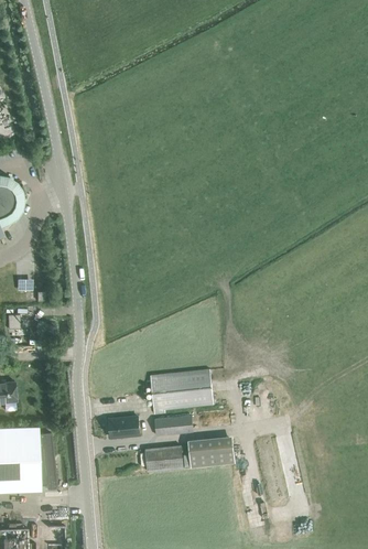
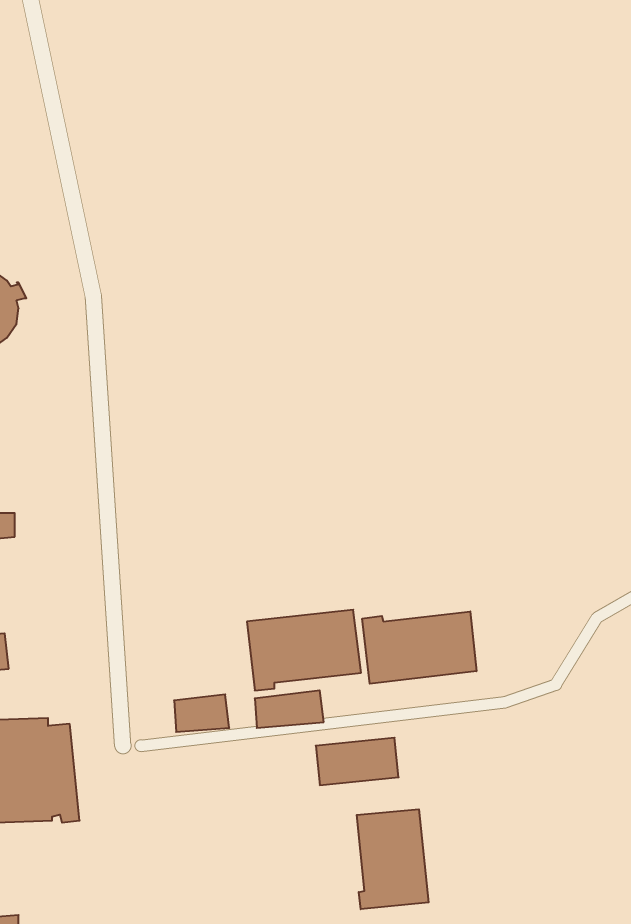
building: none -> [362,611,476,684]
building: [144,445,182,472] -> none
building: none -> [357,809,429,909]

